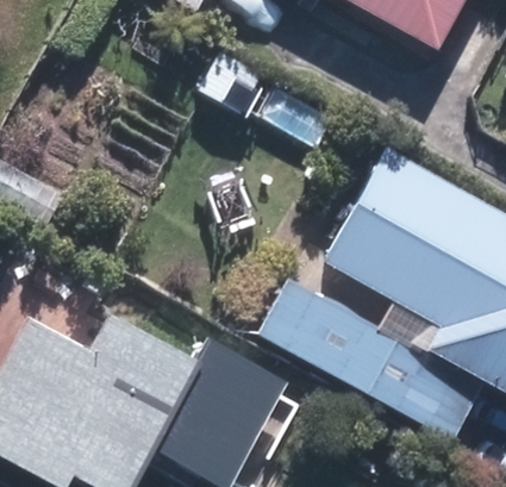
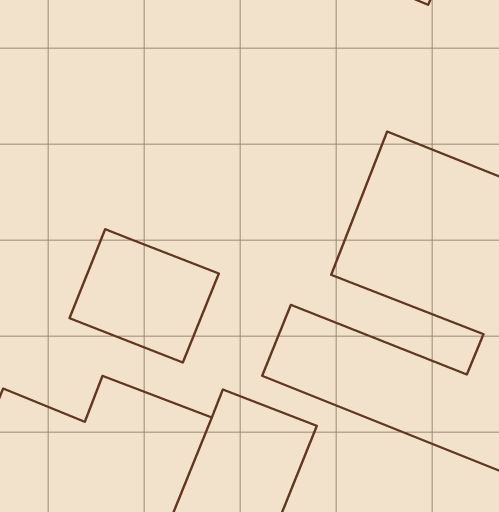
building: none -> [69,229,219,362]

